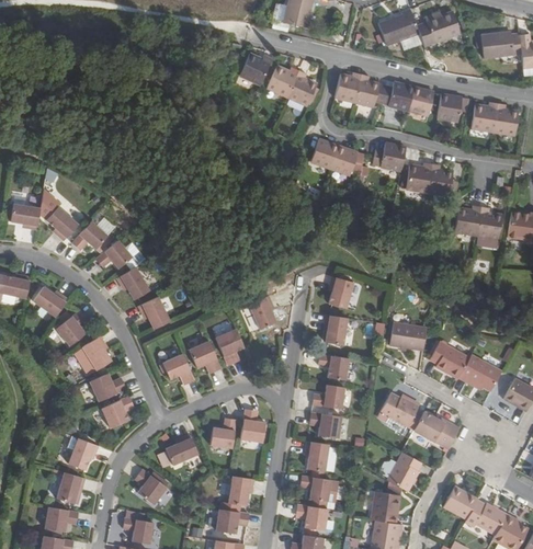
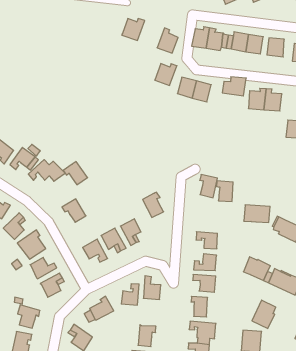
building: [265,67,297,98] -> [155,64,177,85]
building: [117,266,150,298] -> [63,162,88,185]
building: [325,313,348,343] -> [217,181,233,201]

